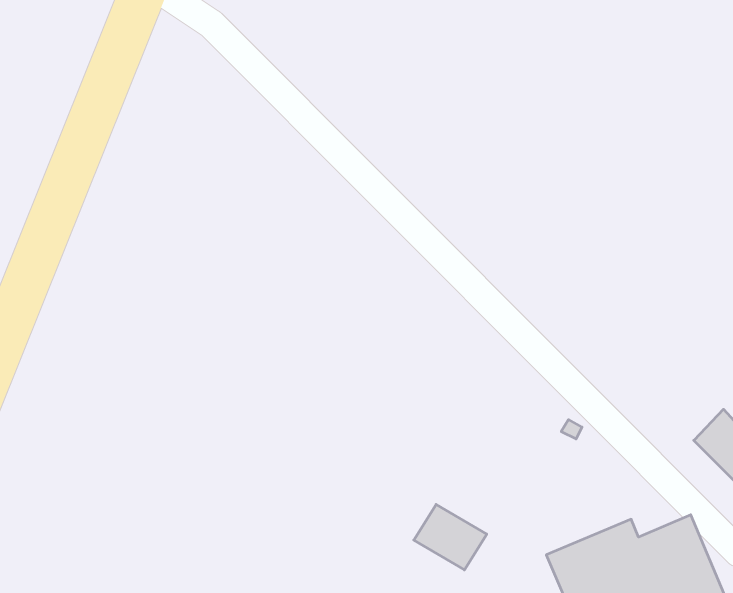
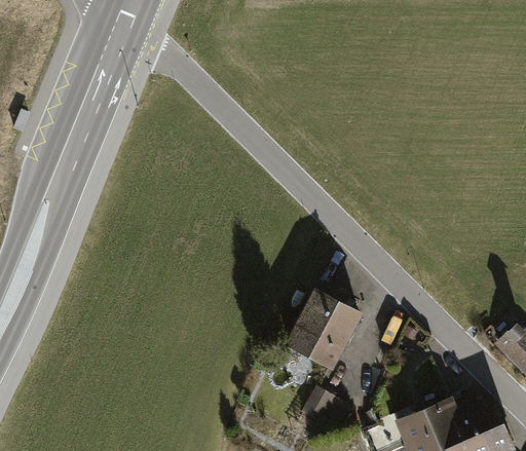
building: none -> [284,288,362,371]

